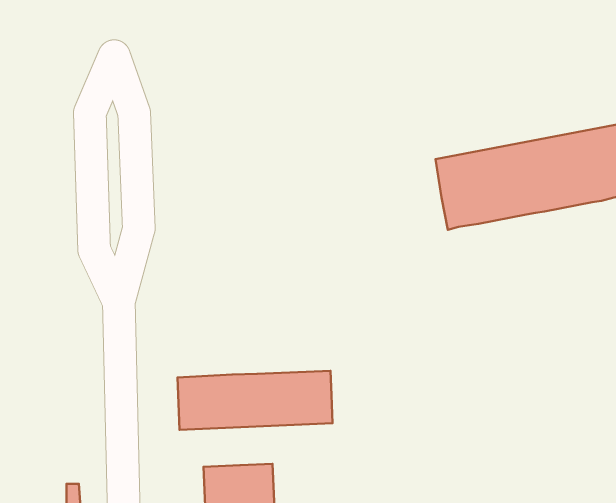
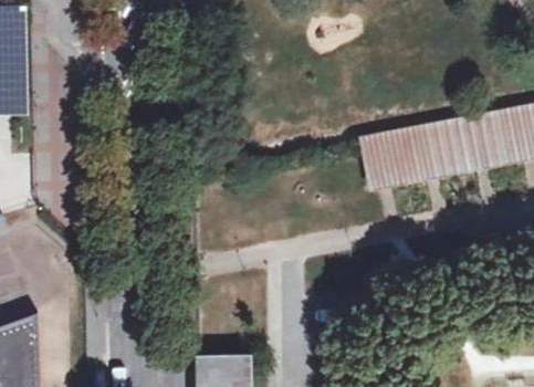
building: [177,371,333,430] -> none

